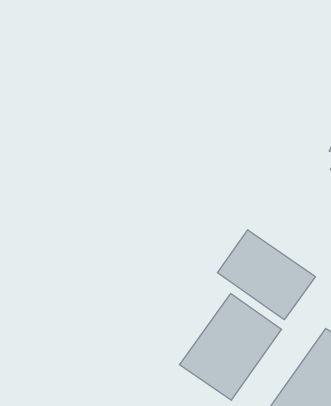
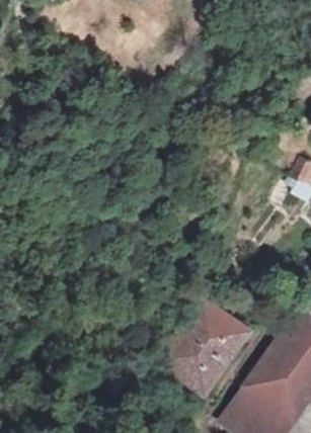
building: [217,230,315,320] -> none

